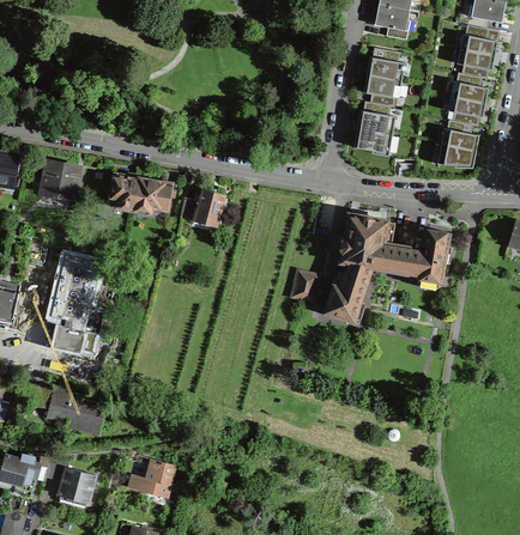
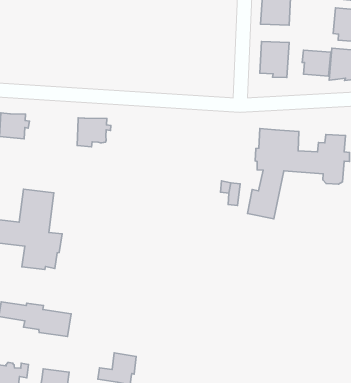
building: none -> [302,50,331,76]
building: [109,175,138,211] -> none
building: [180,189,222,223] -> none

